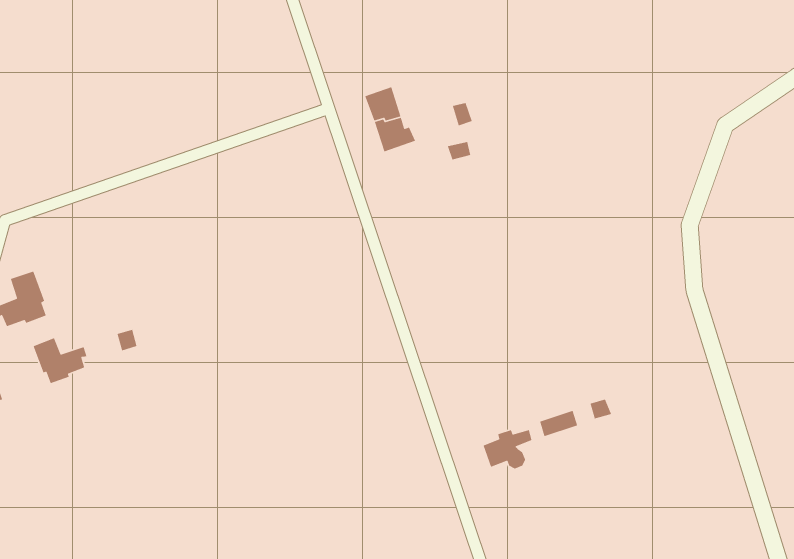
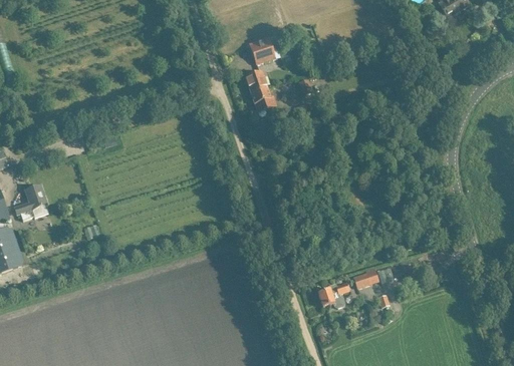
building: none -> [250,39,275,64]
building: [33,337,87,384] -> none

